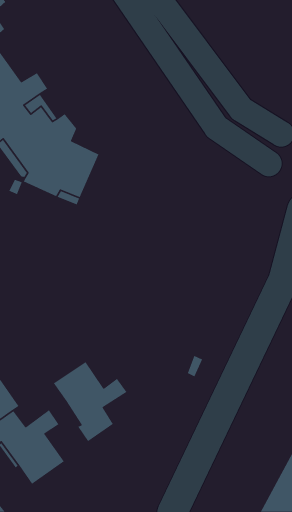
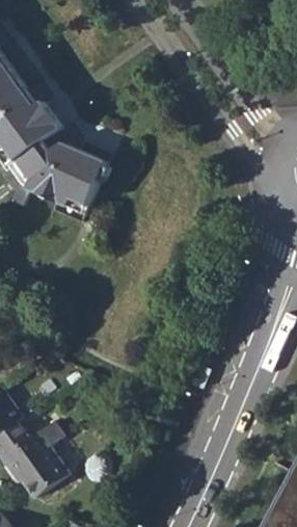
building: [53,361,127,442] -> none

